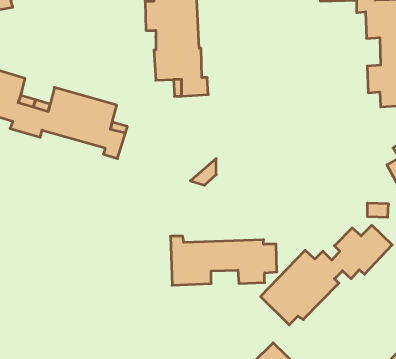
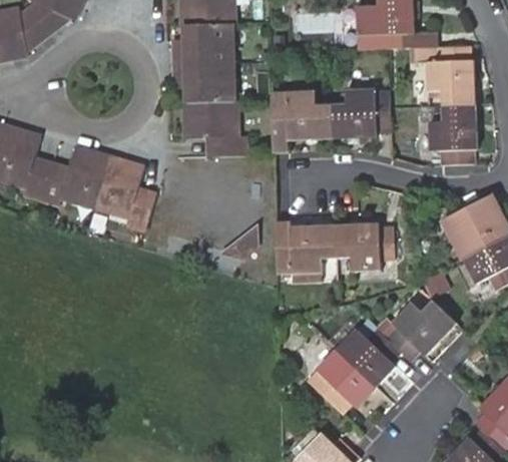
building: none -> [271,88,389,151]
building: [170,236,277,285] -> [274,219,394,275]

